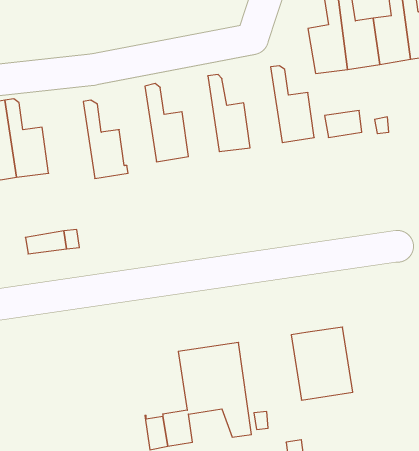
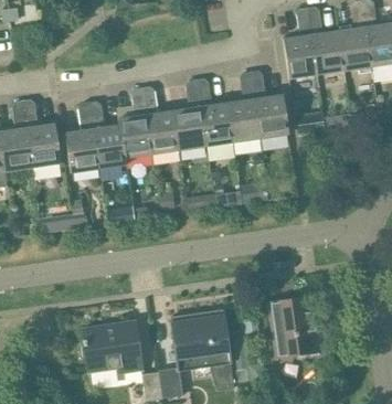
building: none -> [227,72,261,141]
building: none -> [174,79,206,149]
building: none -> [118,88,152,157]
building: none -> [65,102,99,172]
building: none -> [82,319,142,372]

